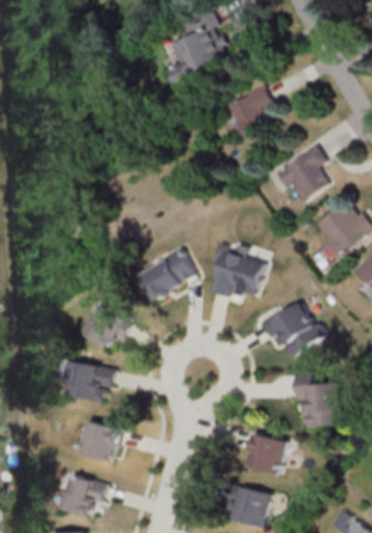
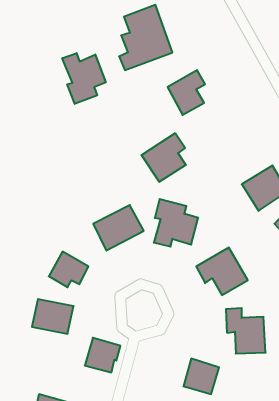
building: none -> [62,53,106,104]
building: [282,145,335,203] -> [141,133,186,182]
building: [86,420,128,462] -> [85,338,120,372]

